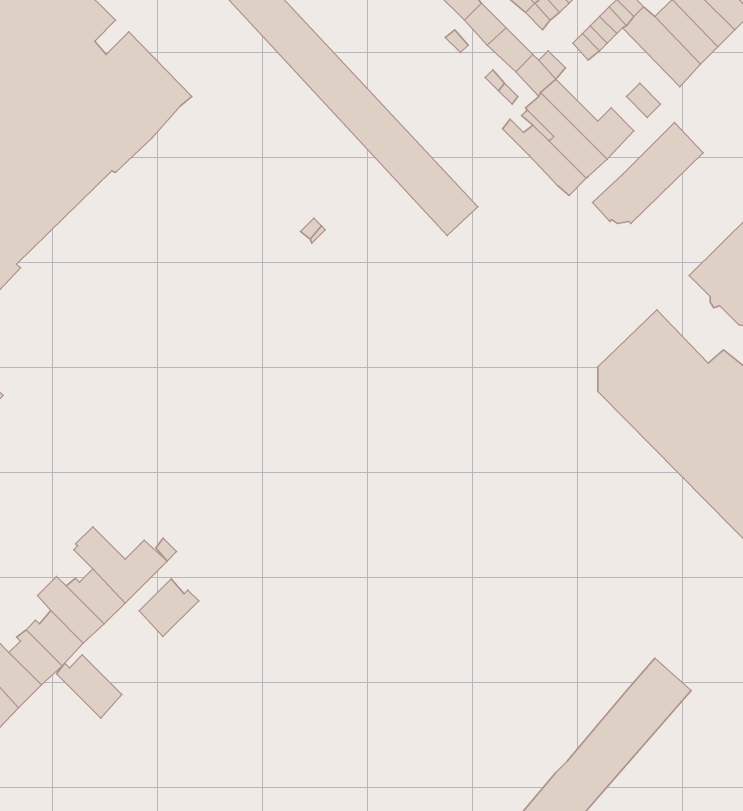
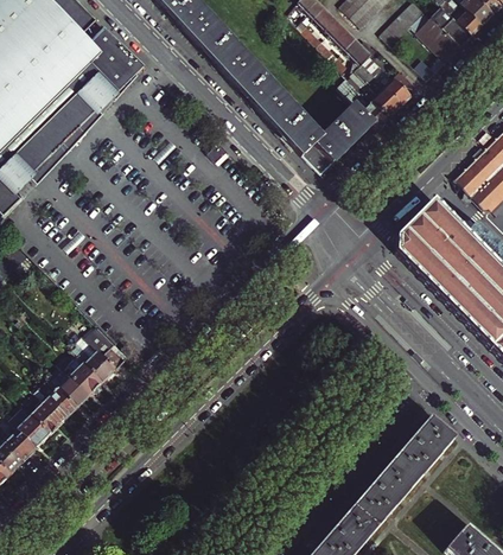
building: [593,123,703,223] -> [304,102,373,165]
building: [139,579,199,637] -> none
building: [56,655,122,718] -> none

